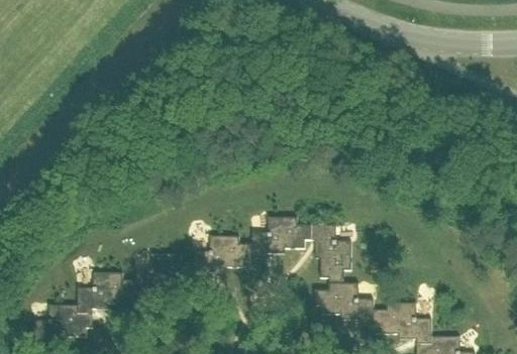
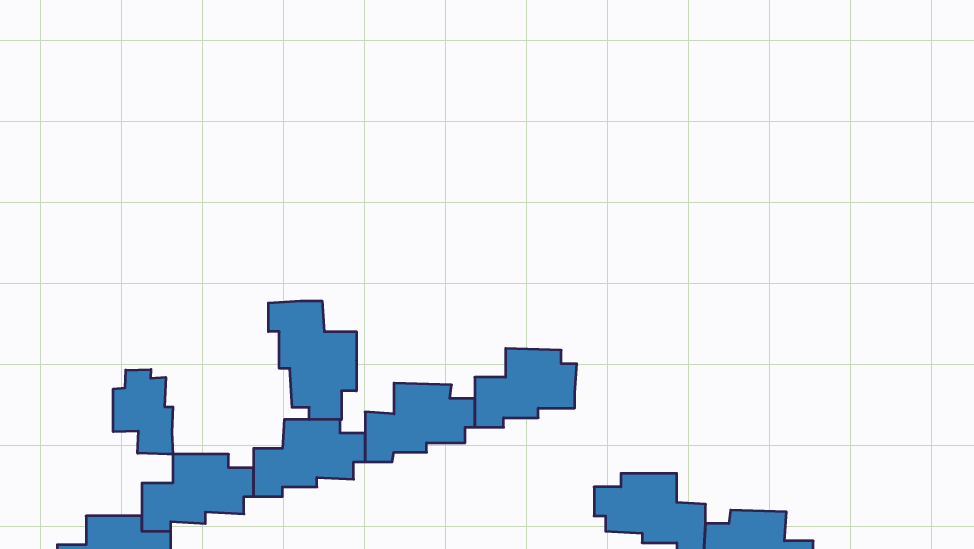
building: none -> [268,301,356,420]
building: [305,225,351,282] -> none
building: none -> [113,369,173,454]

